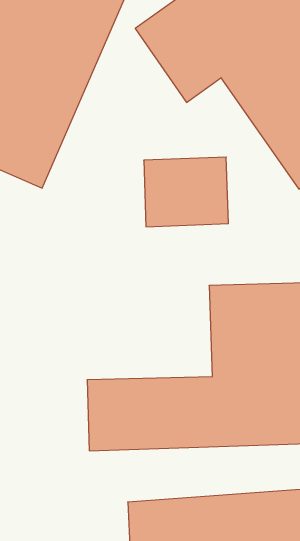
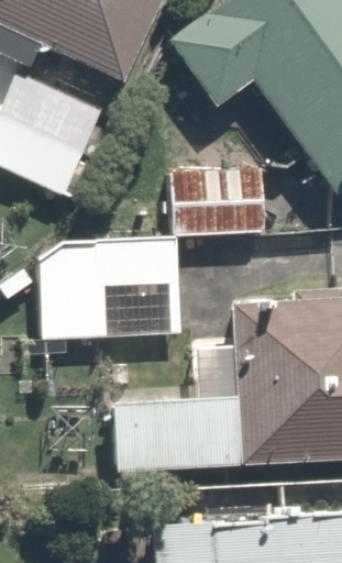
building: none -> [40,243,187,339]

